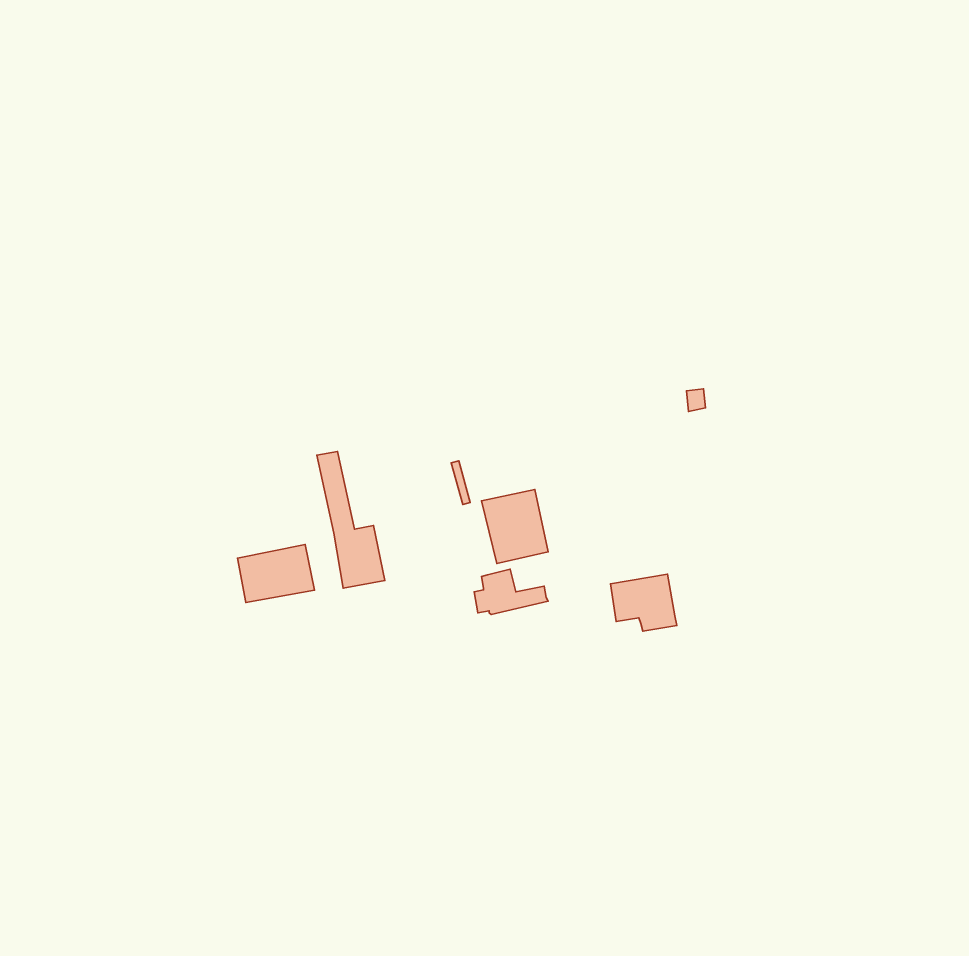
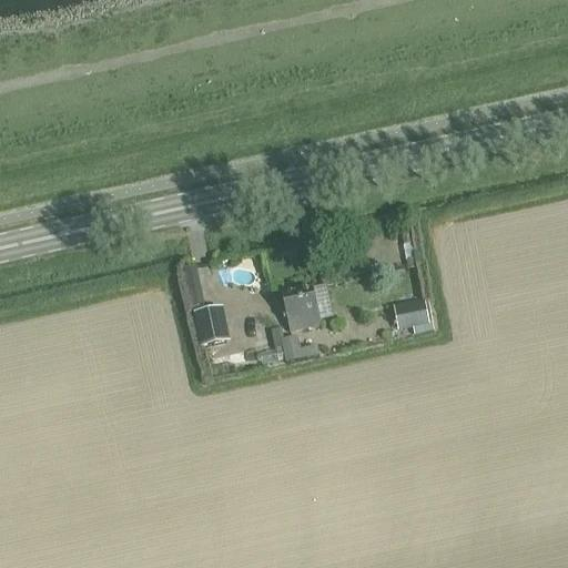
building: [238,545,314,602] -> none
building: [610,574,677,631] -> [395,298,434,332]

